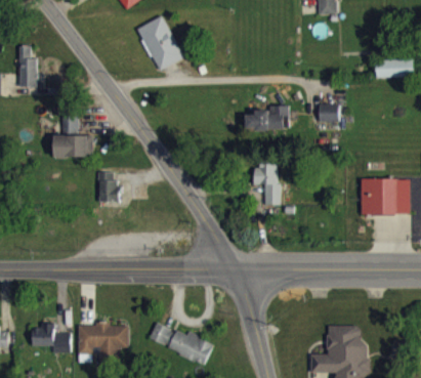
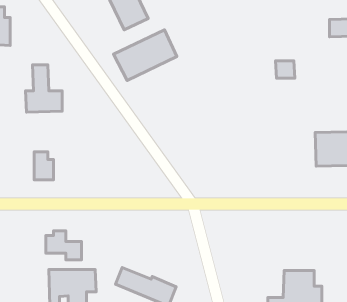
building: none -> [114,30,177,80]
building: [246,107,289,130] -> none
building: [254,163,279,205] -> none
building: [98,173,119,203] -> [34,152,54,180]
building: [32,323,70,353] -> [46,231,81,260]

